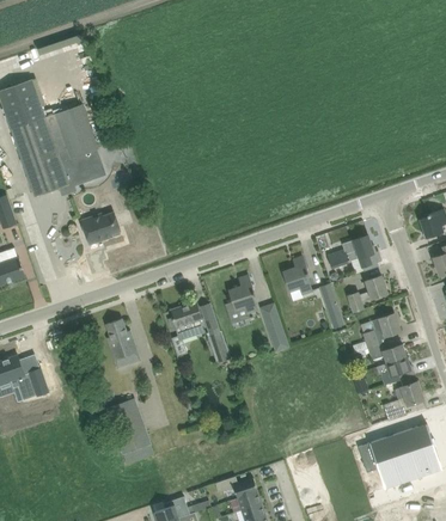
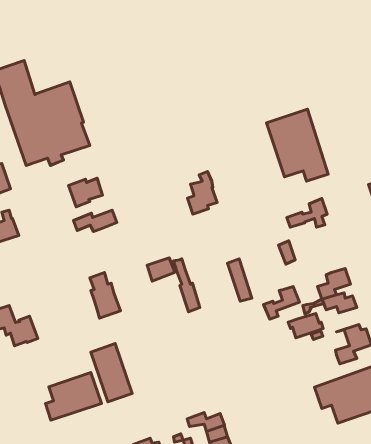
building: none -> [267,109,328,181]
building: none -> [73,210,117,231]
building: [282,257,312,295] -> none
building: [225,276,258,324] -> [187,172,217,214]
building: [347,276,387,313] -> [263,286,299,319]
building: [375,358,415,386] -> [288,314,323,338]
building: none -> [46,372,101,420]

